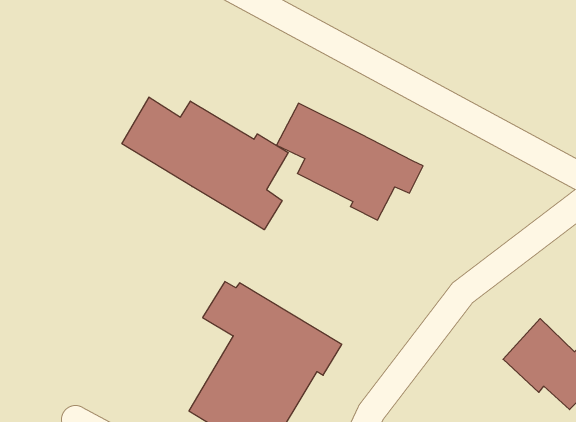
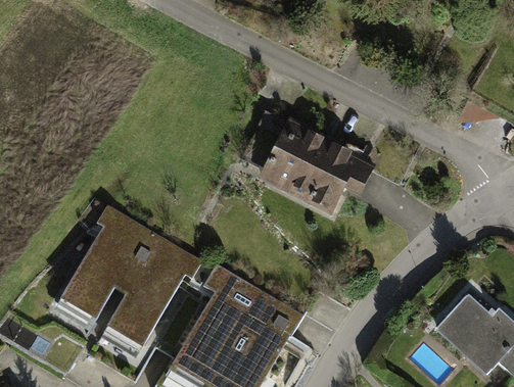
building: [122,97,288,230] -> none
building: none -> [60,205,205,350]

